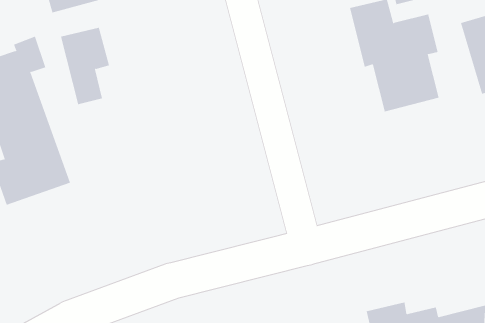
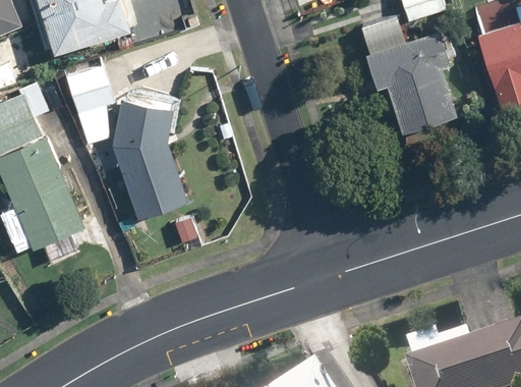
building: none -> [113,98,188,216]

